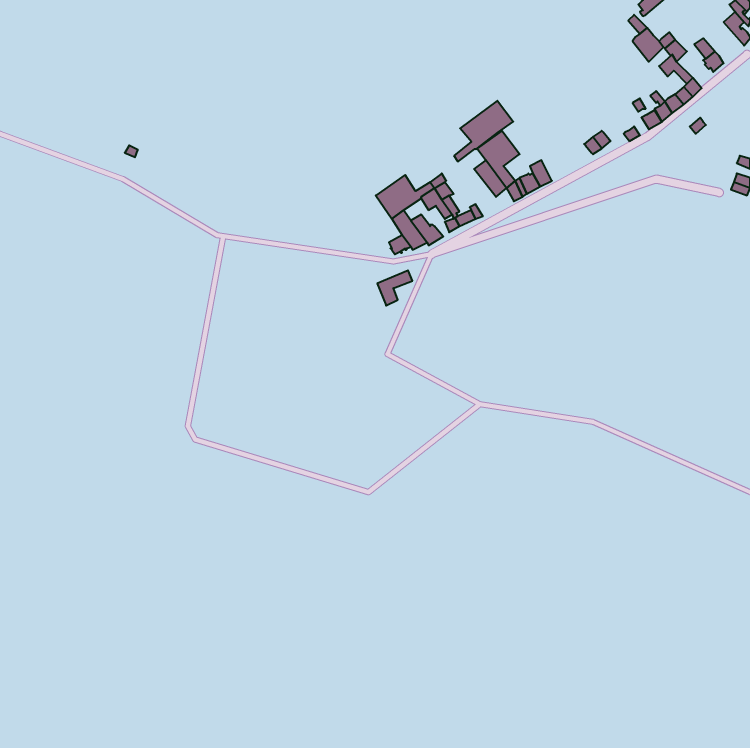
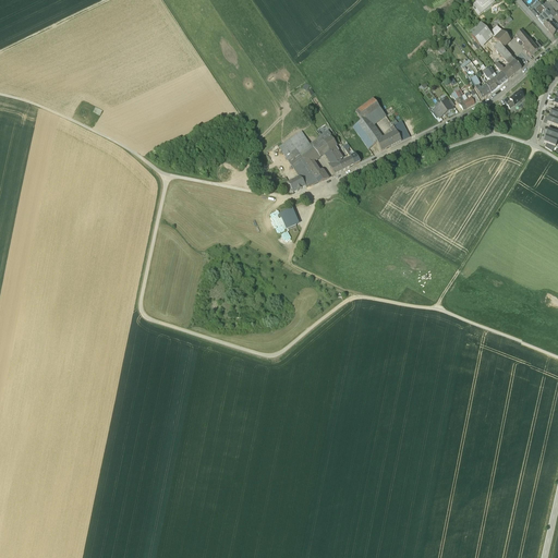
building: [454,101,513,162] -> none

